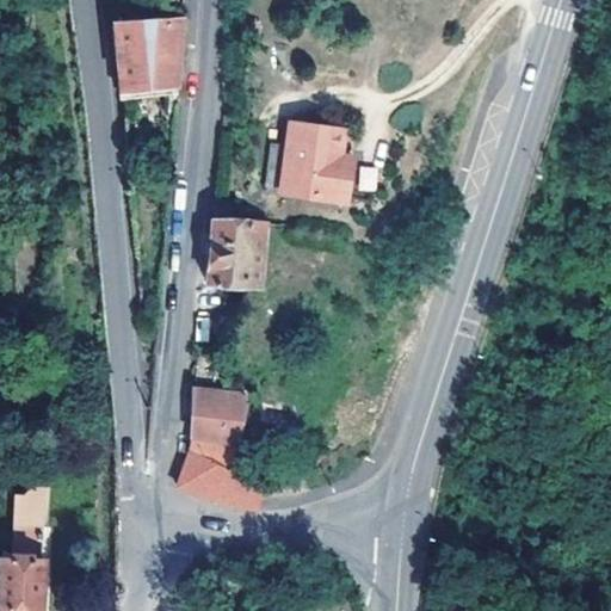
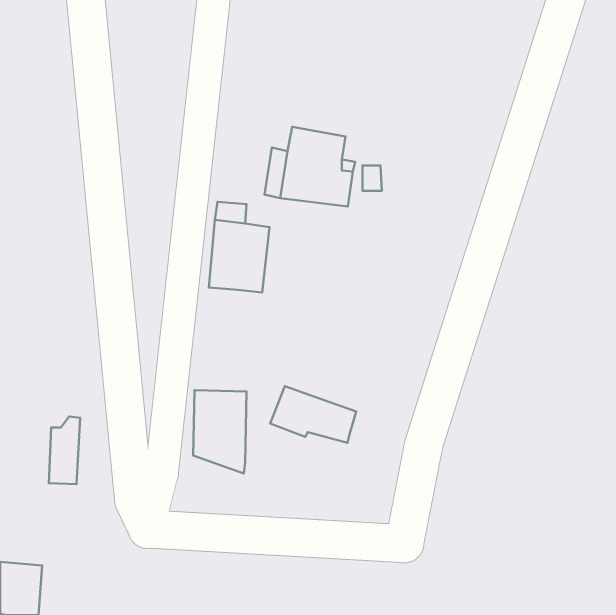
building: [117,20,181,104] -> none
building: [178,450,263,506] -> [270,386,356,443]
building: [13,483,44,550] -> [49,417,80,484]

